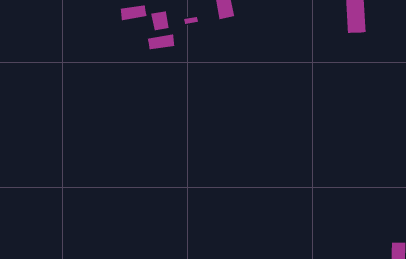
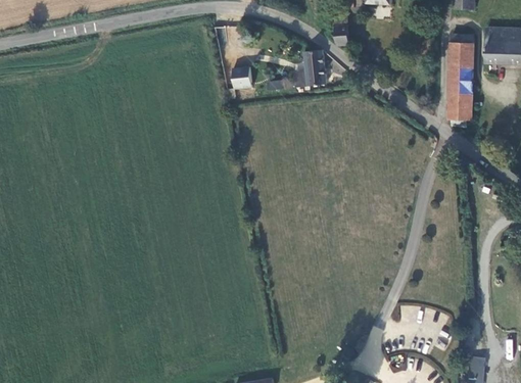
building: [120,5,148,21] -> none
building: [147,34,175,50] -> none

